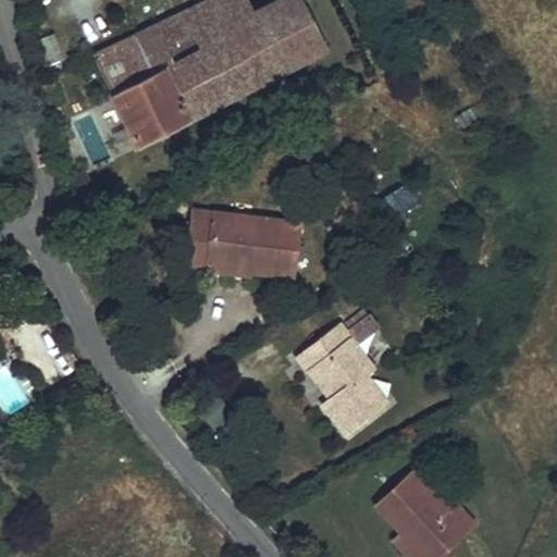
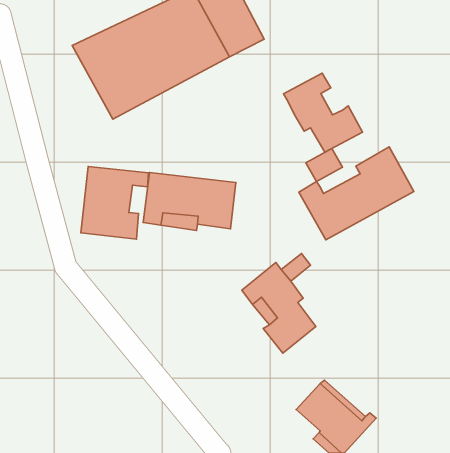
building: none -> [283,73,363,152]
building: none -> [299,147,414,240]
building: none -> [81,167,148,239]

